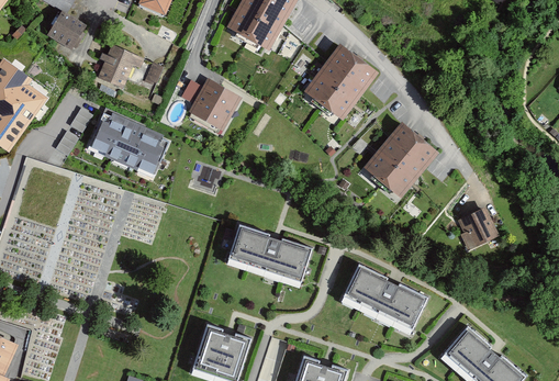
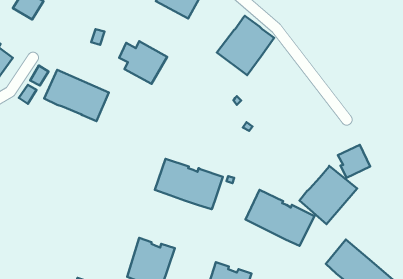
building: [98,45,143,87] -> none
building: [365,123,437,197] -> [299,166,357,224]

